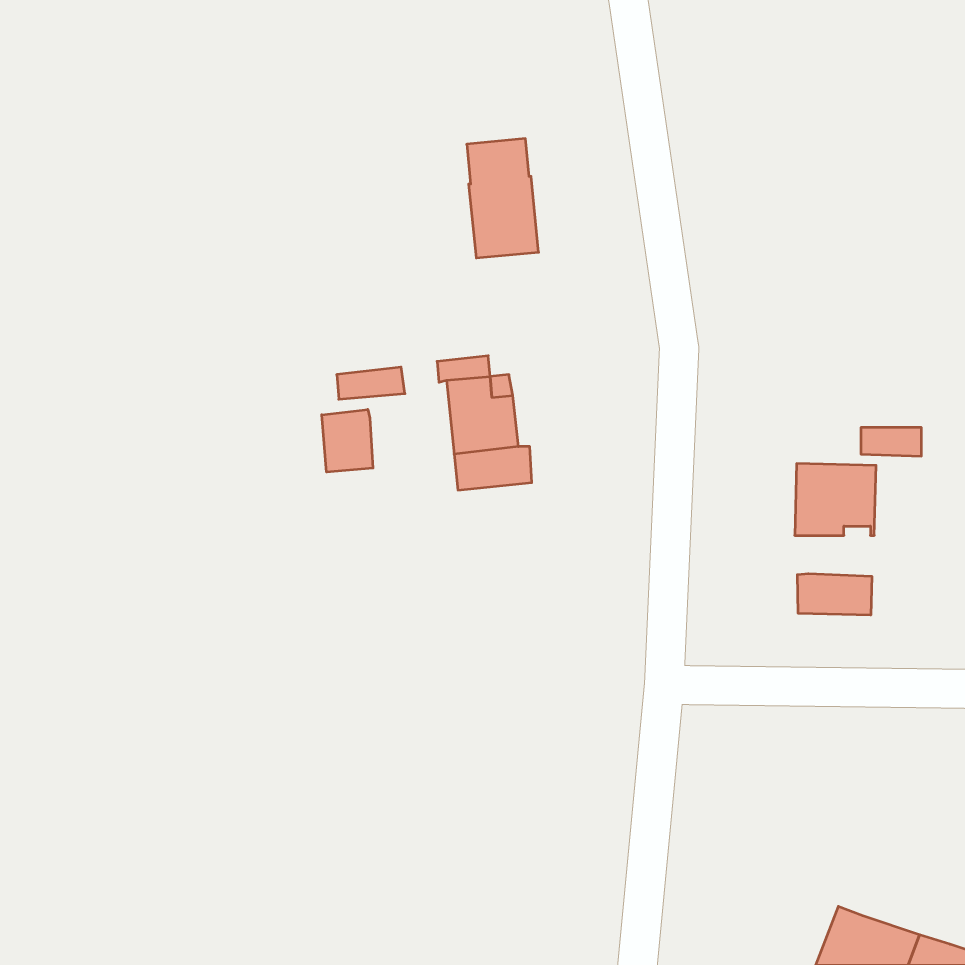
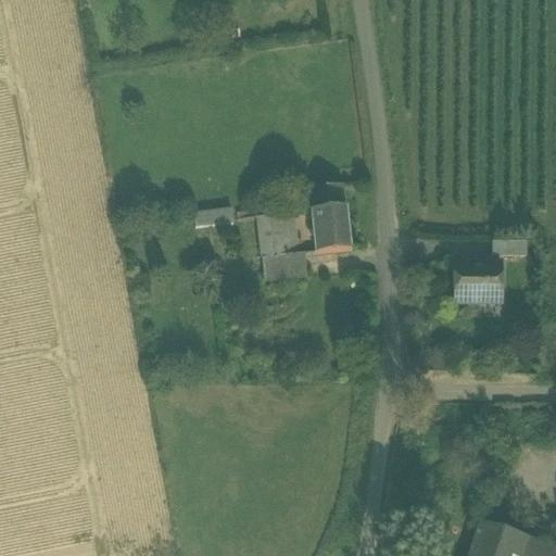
building: [467,139,539,258] -> [309,187,351,255]
building: [322,409,373,472] -> none
building: [797,574,872,615] -> none

